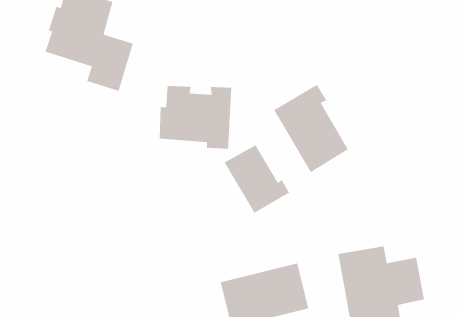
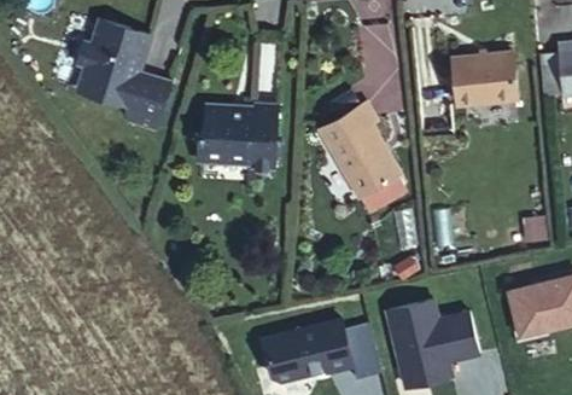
building: none -> [445,58,512,111]
building: [224,144,290,214] -> none

